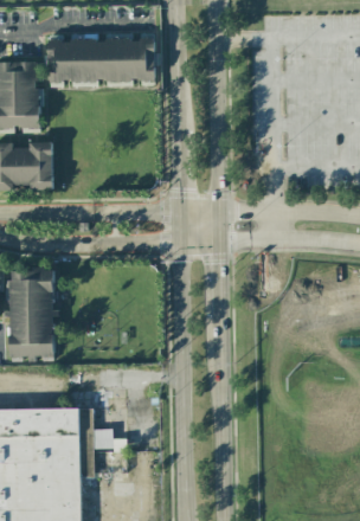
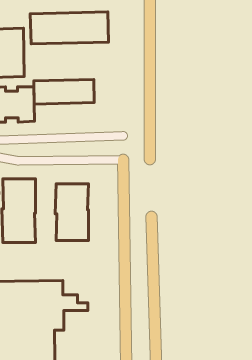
building: none -> [34,79,94,104]
building: none -> [55,184,88,240]

